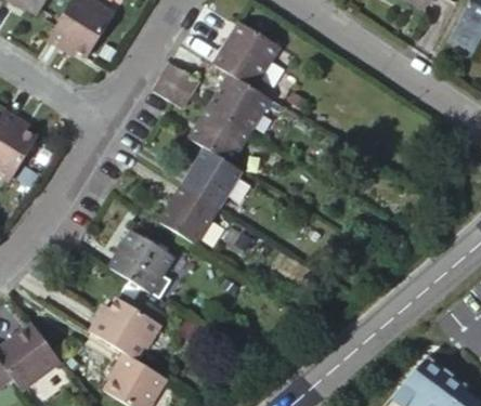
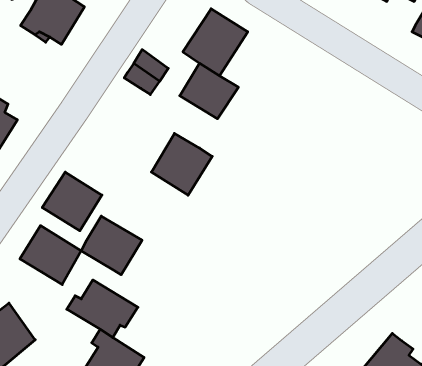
building: [188,107,247,161] -> none
building: [155,186,217,247] -> [42,172,102,231]
building: none -> [20,226,81,285]

